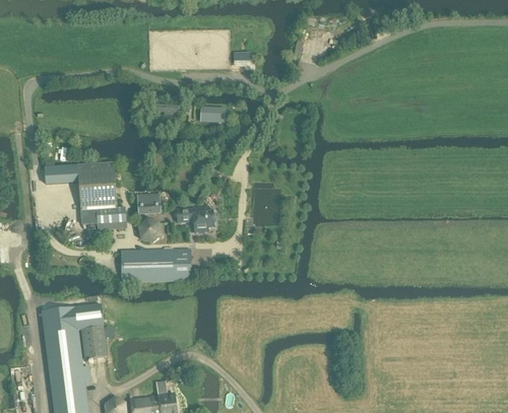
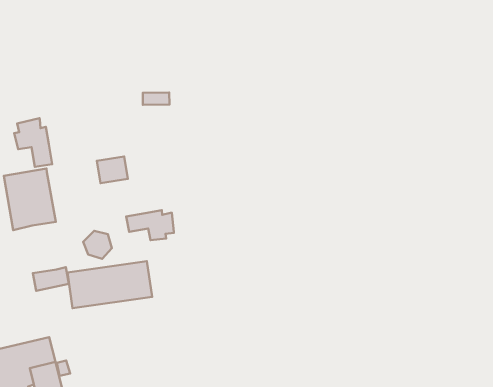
building: none -> [14,118,52,167]
building: [136,193,161,213] -> [97,156,128,183]
building: [96,206,125,223] -> [33,267,69,291]

